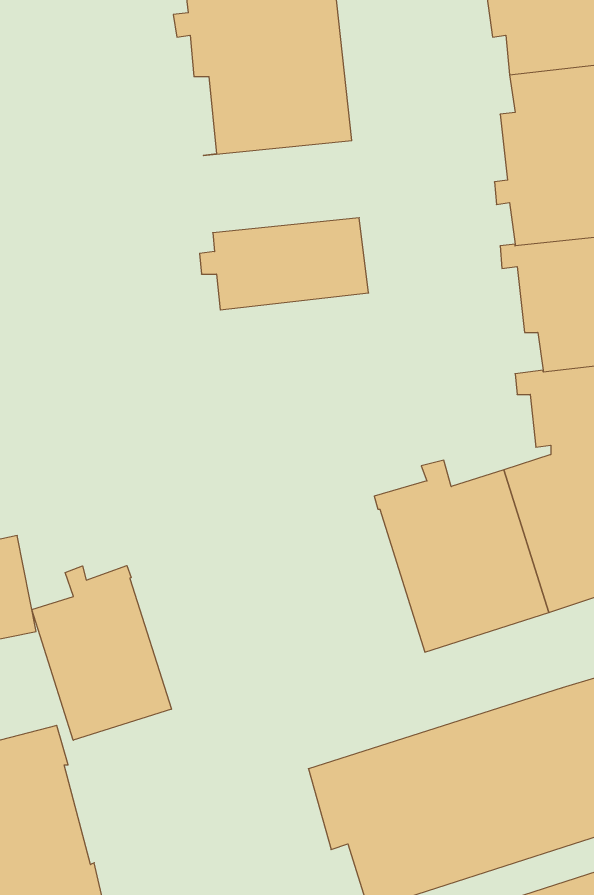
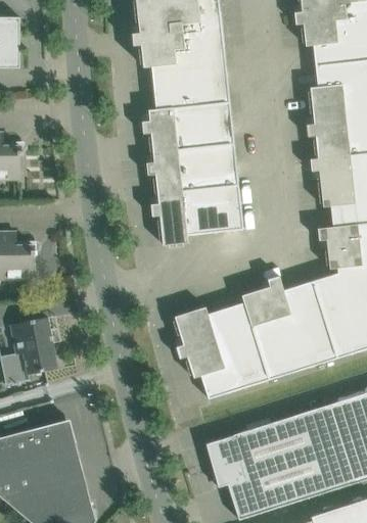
building: none -> [142,102,233,152]
building: none -> [150,185,242,245]
building: none -> [175,302,269,398]
building: [32,566,171,740] -> none

